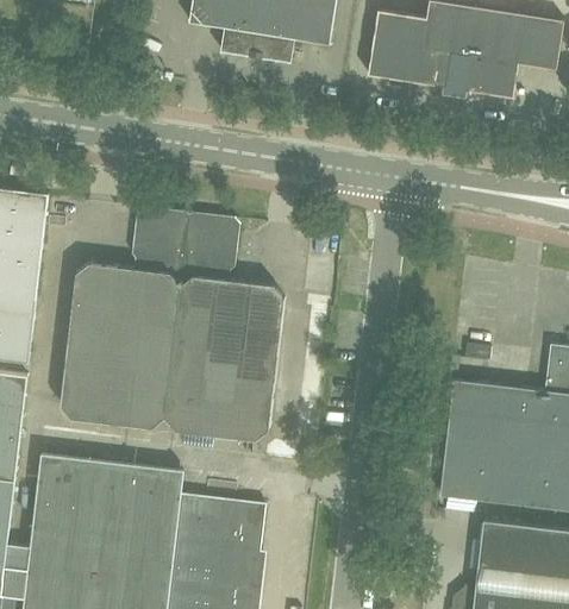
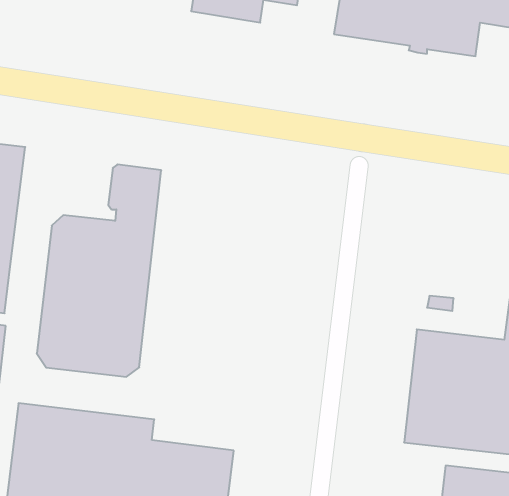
building: [167,215,286,440] -> none

